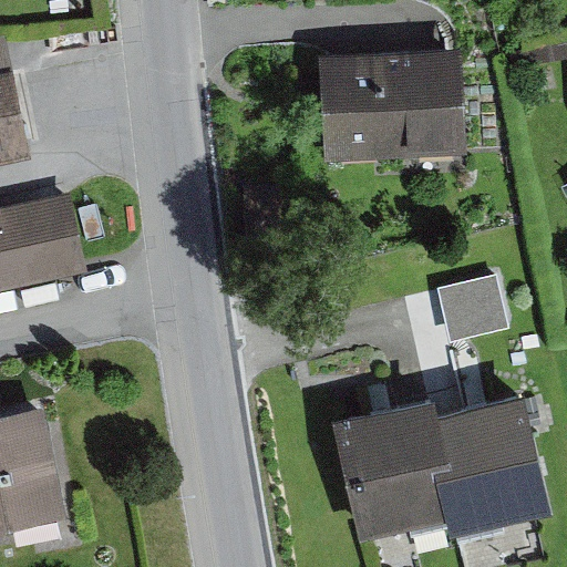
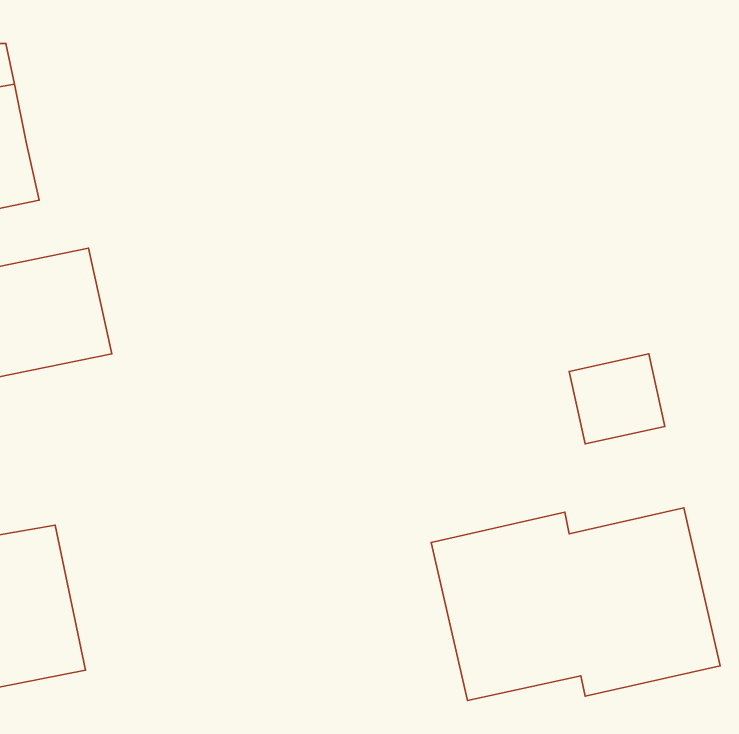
building: [318,50,465,165] -> none

